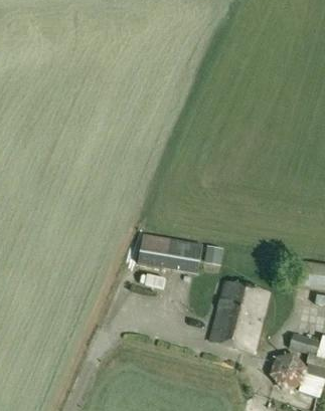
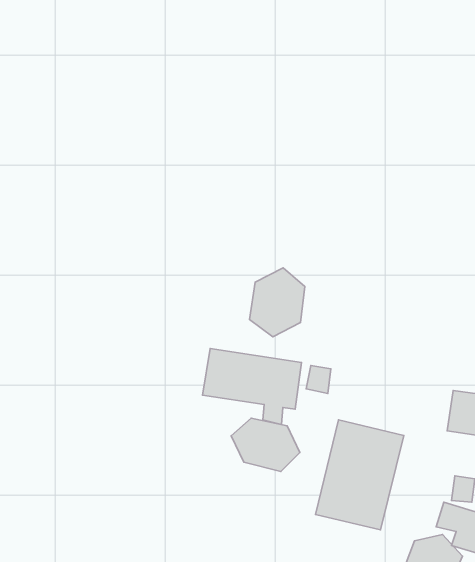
building: none -> [250,268,305,337]
building: none -> [231,418,300,471]

